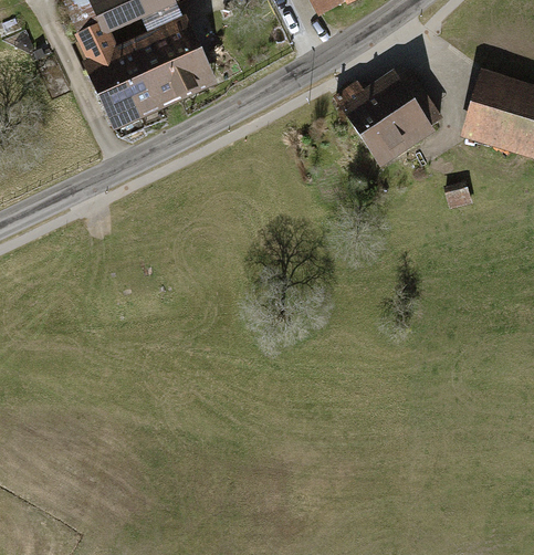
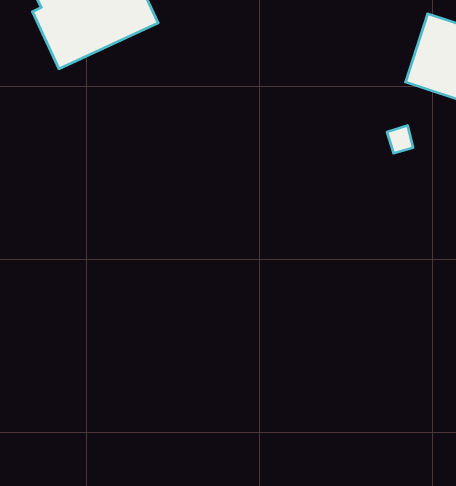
building: [337,71,440,164] -> none

